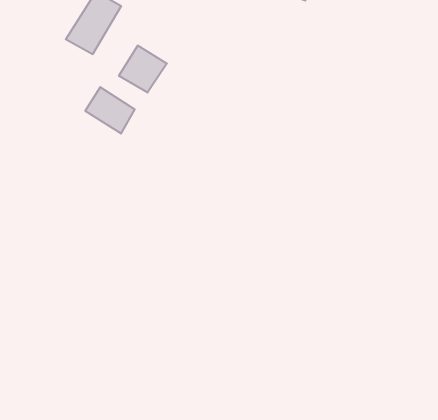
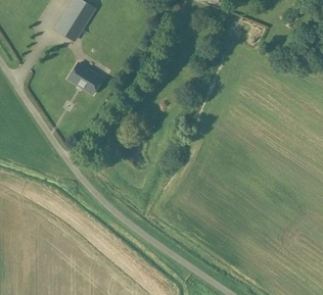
building: [119,45,167,93] -> none

